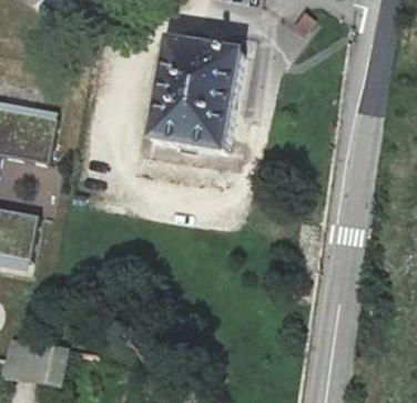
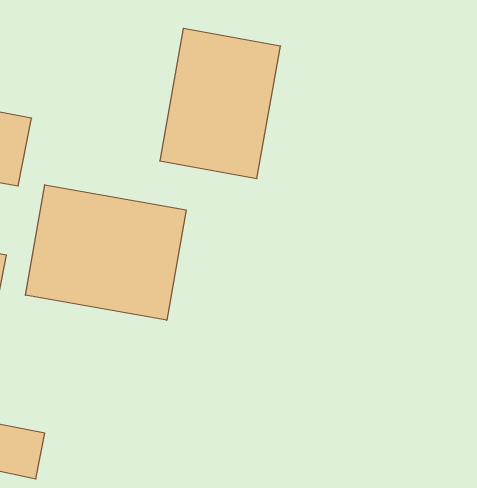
building: none -> [25,185,186,320]

